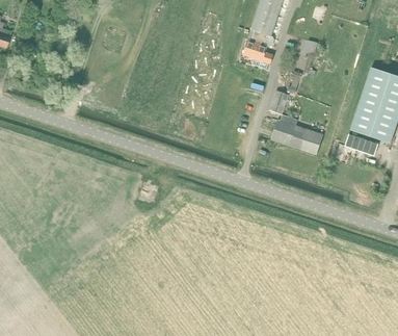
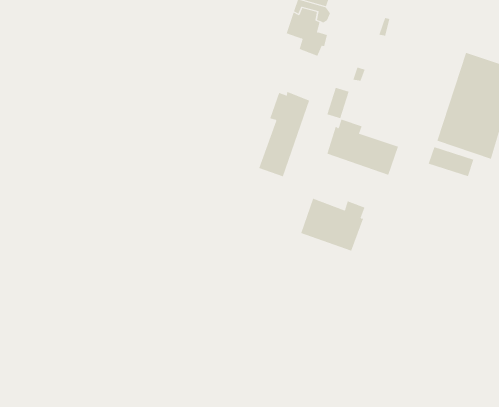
building: none -> [258,91,310,177]
building: none -> [300,198,365,251]

